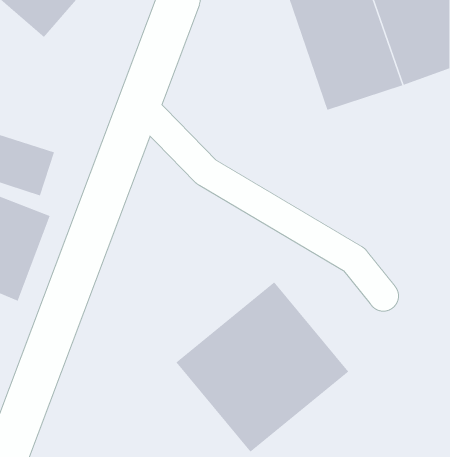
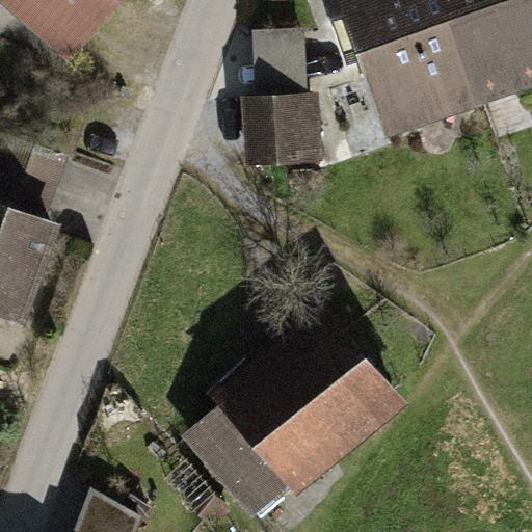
building: none -> [235,96,309,157]

